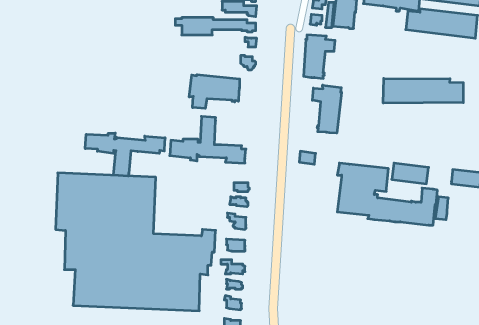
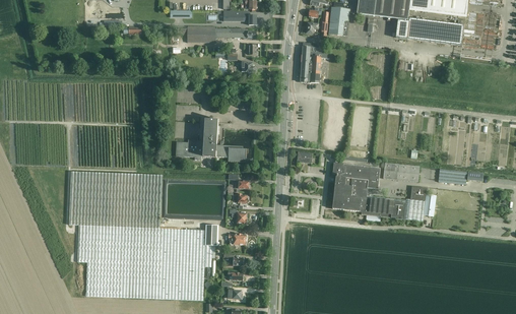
building: [189,75,240,108] -> none
building: [383,78,463,103] -> none
building: [312,85,342,133] -> none
building: [85,133,165,176] -> none

